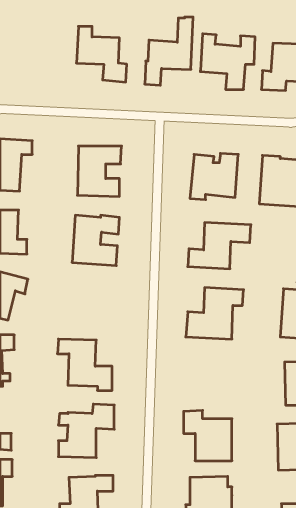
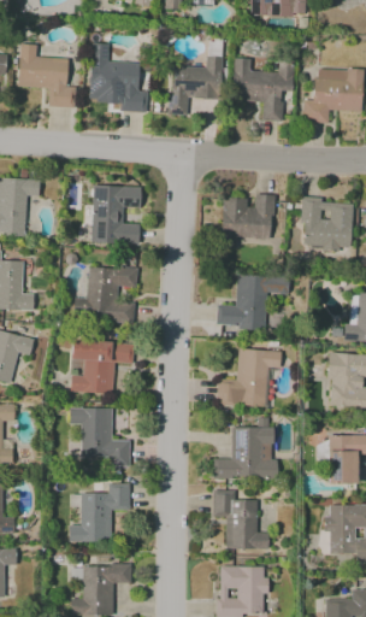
building: none -> [18,43,77,108]
building: none -> [70,339,135,394]
building: none -> [213,427,276,481]

